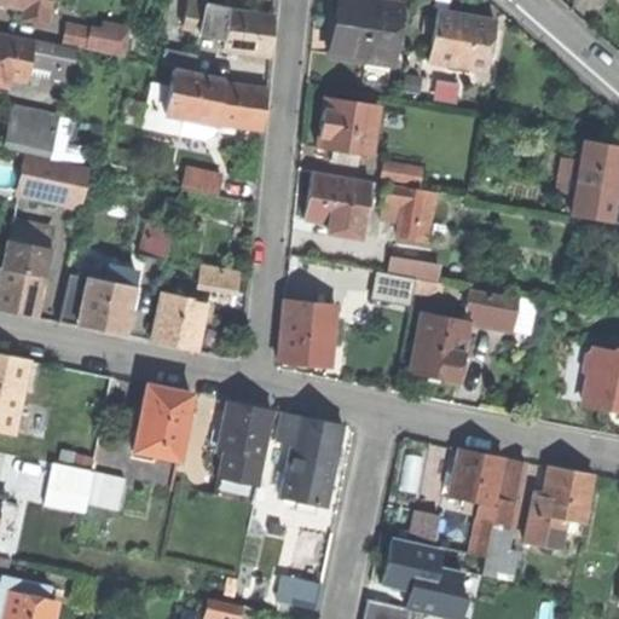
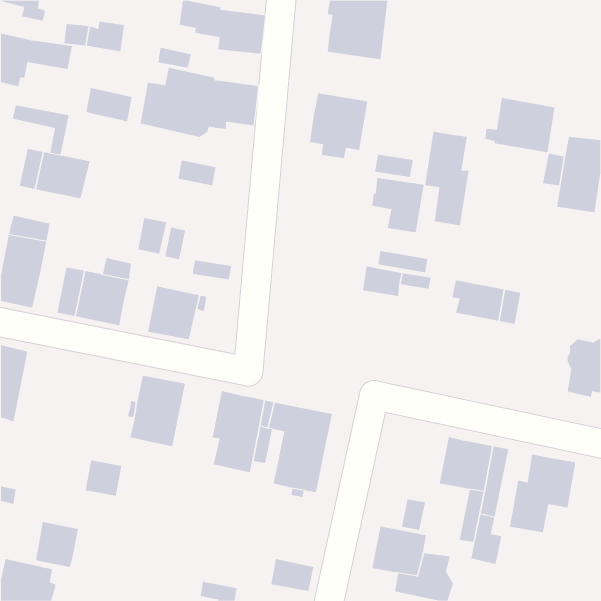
building: [422,12,494,69] -> [485,98,555,153]
building: [7,122,56,157] -> [85,88,133,122]
building: none -> [424,131,469,226]
building: [306,172,370,237] -> none
building: [278,301,335,368] -> none
building: [409,312,468,381] -> none
building: [44,463,88,510] -> [35,522,79,568]

